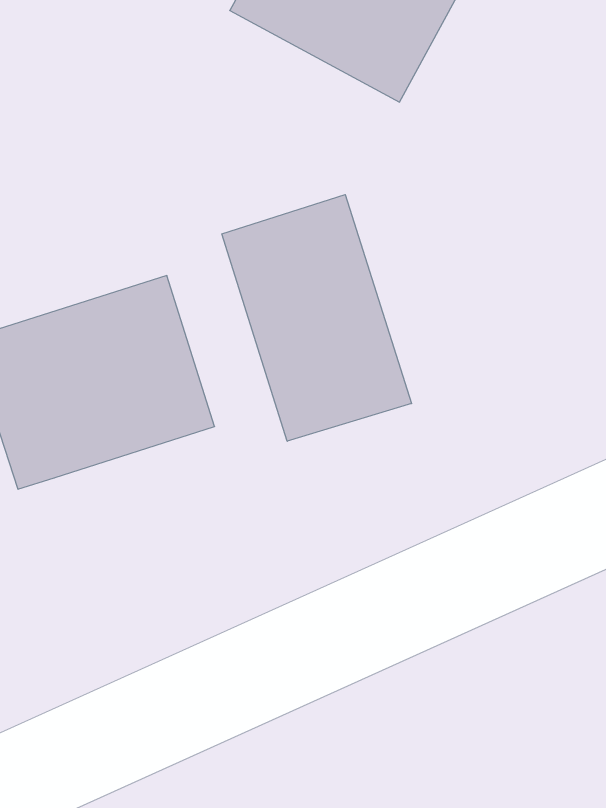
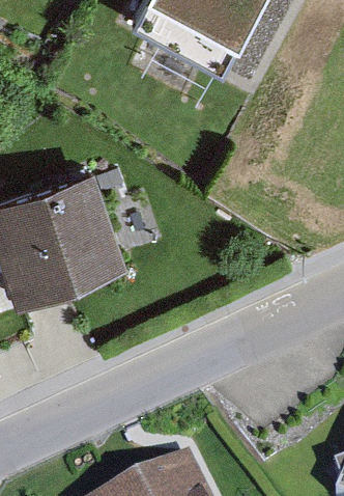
building: [222,195,412,441] -> none

